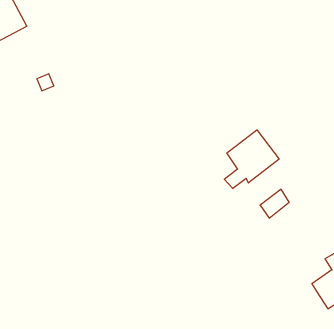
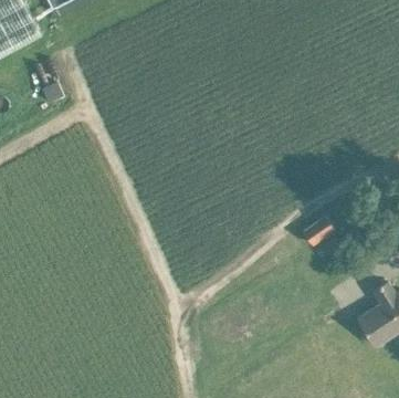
building: [224,130,279,189] -> none

